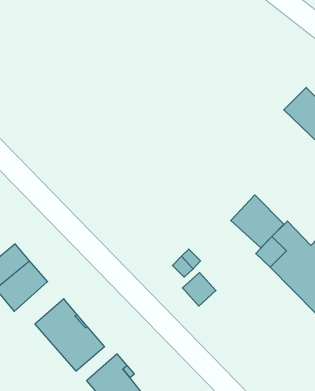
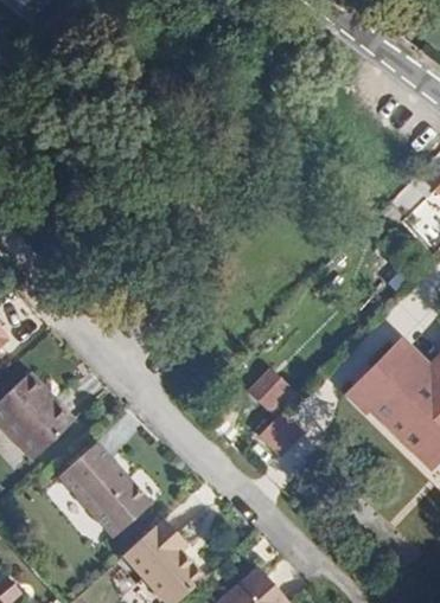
building: [231,195,284,248] -> none

